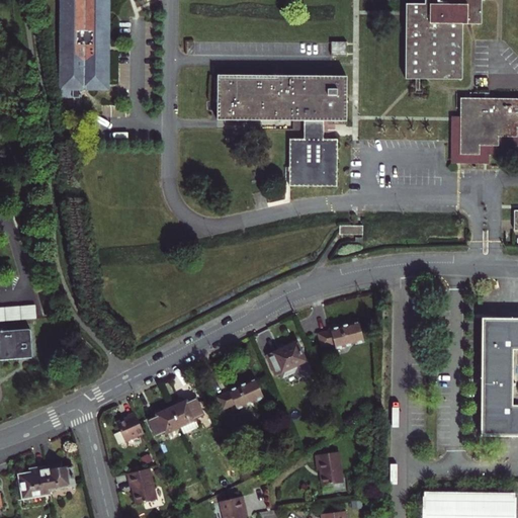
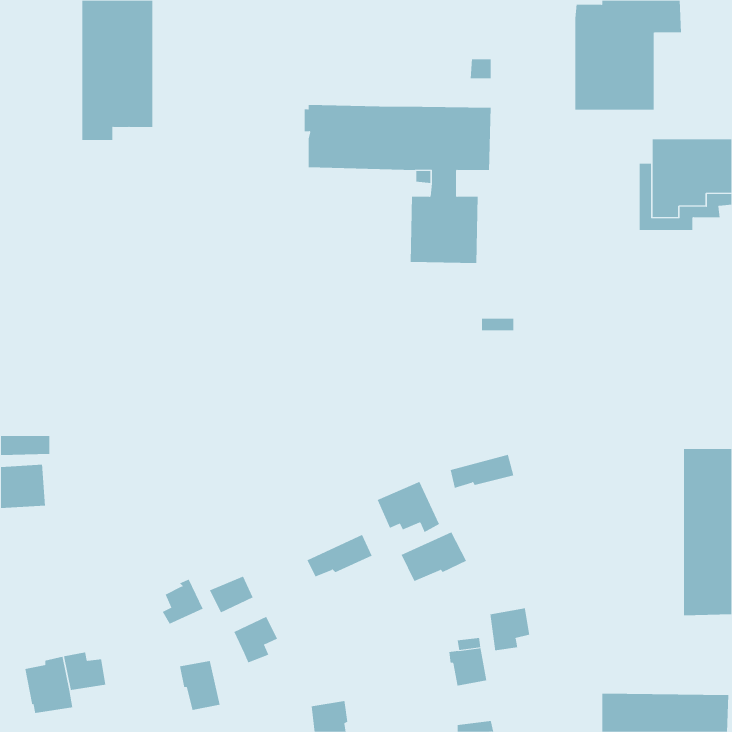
building: none -> [401,532,467,582]
building: [172,396,203,429] -> [233,616,278,663]
building: none -> [490,607,530,651]

